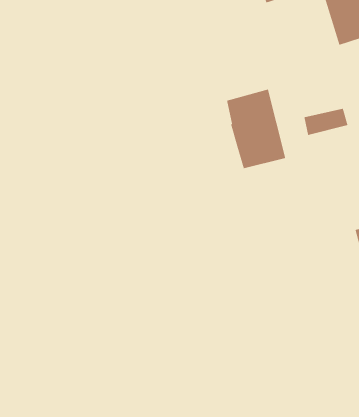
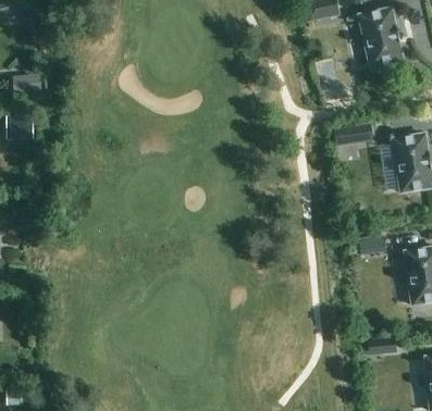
building: [226,88,286,169] -> none

